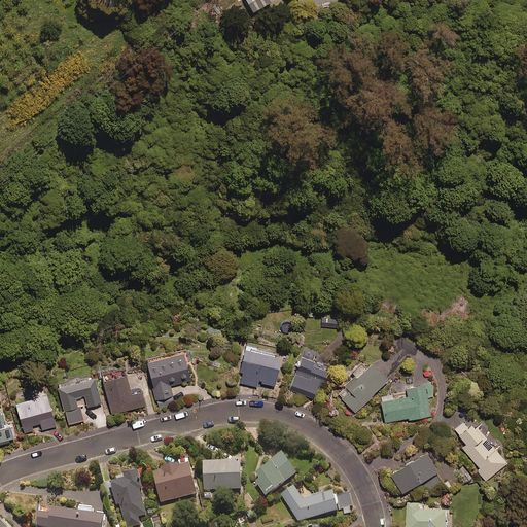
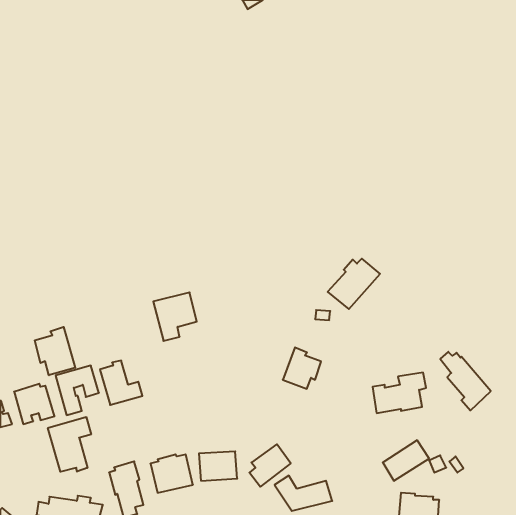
building: none -> [35,327,75,375]
building: [237,348,280,386] -> none
building: [146,351,190,400] -> [153,292,197,341]
building: [336,361,389,413] -> [328,259,380,309]
building: [455,422,506,482] -> [440,352,491,410]
building: none -> [48,417,91,472]

